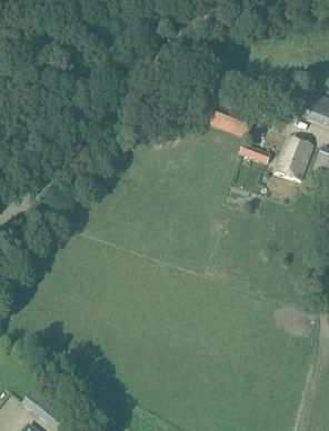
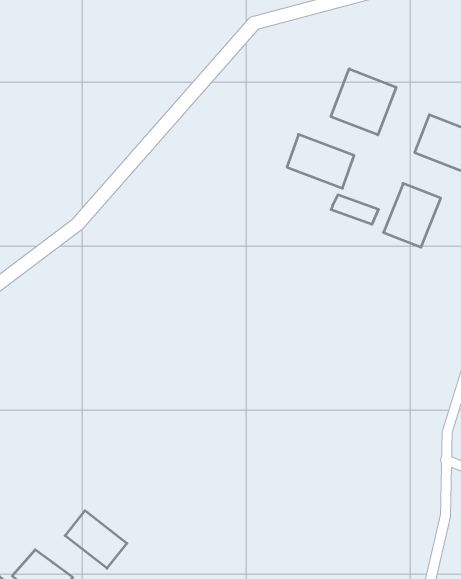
building: none -> [331,69,396,135]
building: none -> [65,511,127,568]

